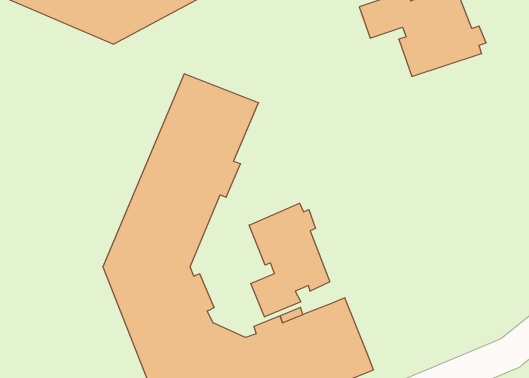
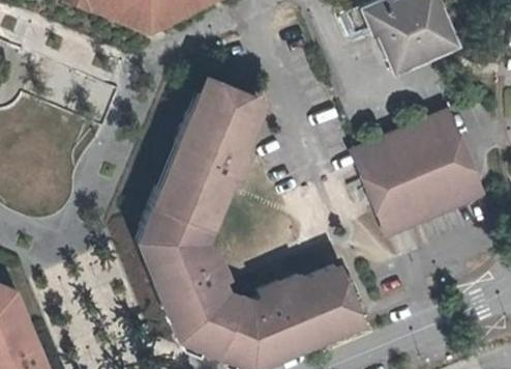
building: none -> [351,109,488,239]
building: [249,203,330,317] -> none

